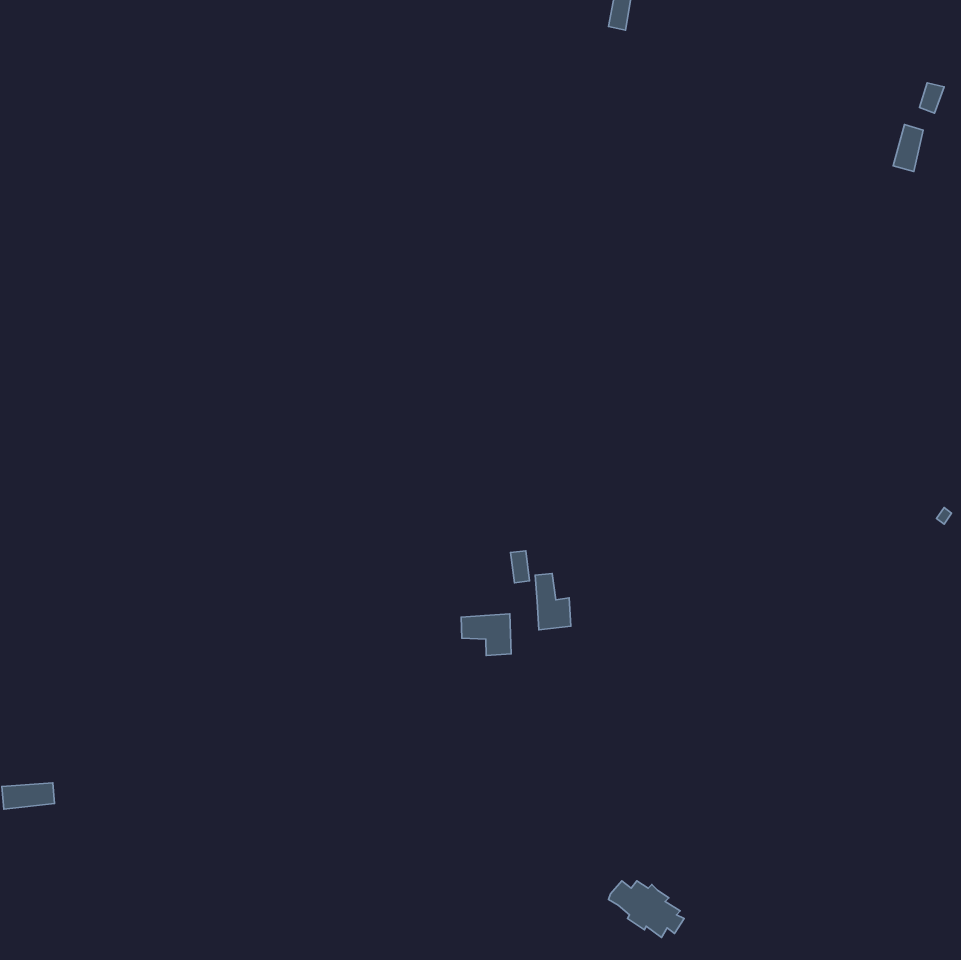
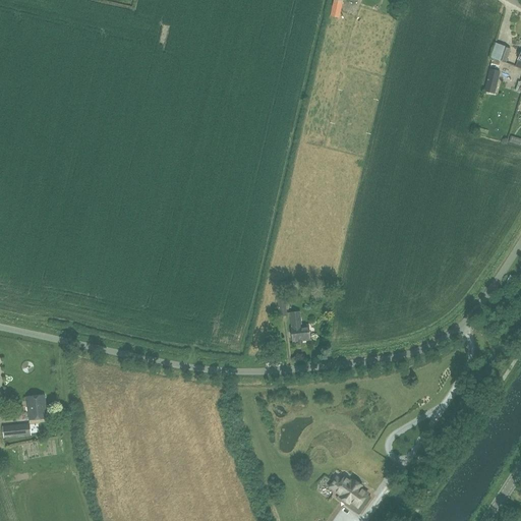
building: [461,614,511,656] -> none
building: none -> [25,394,45,417]

